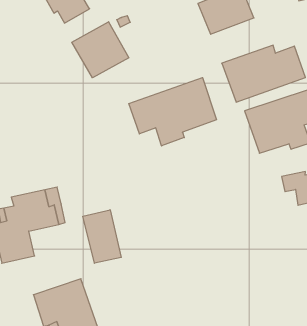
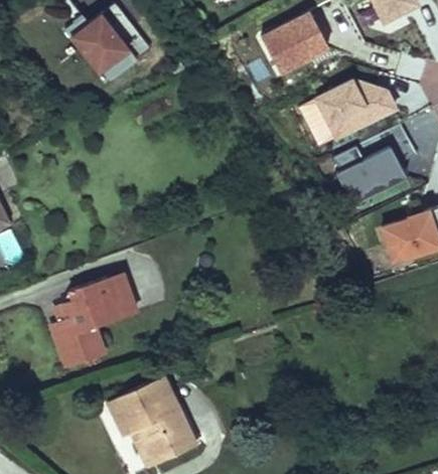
building: [72,22,129,78] -> none
building: [129,78,216,146] -> none
building: [83,210,121,263] -> none

